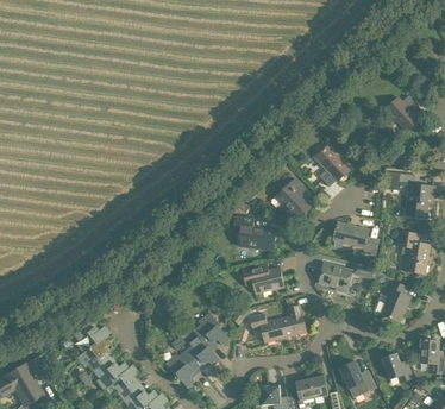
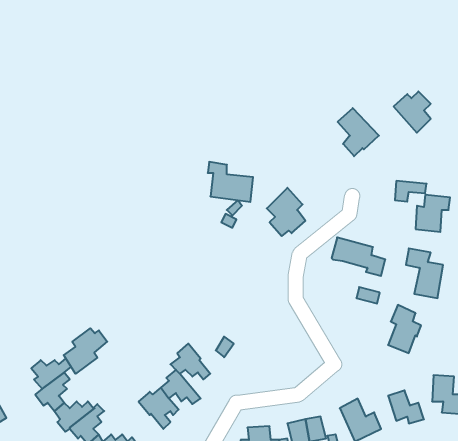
building: [315,145,351,187] -> [338,108,379,156]
building: [237,215,276,250] -> [208,162,253,202]
building: [319,263,352,289] -> none
building: [242,265,284,294] -> none
building: none -> [64,328,107,374]
building: [250,304,307,342] -> none

